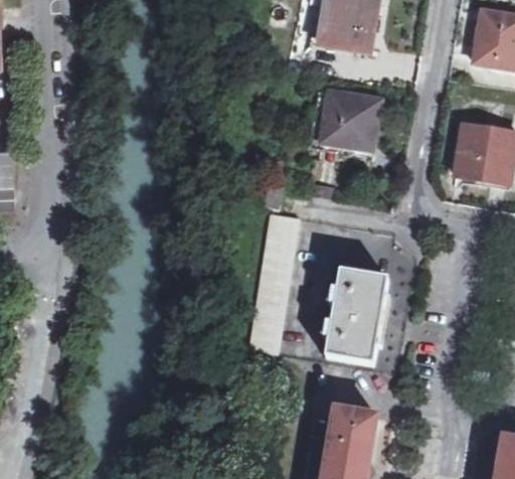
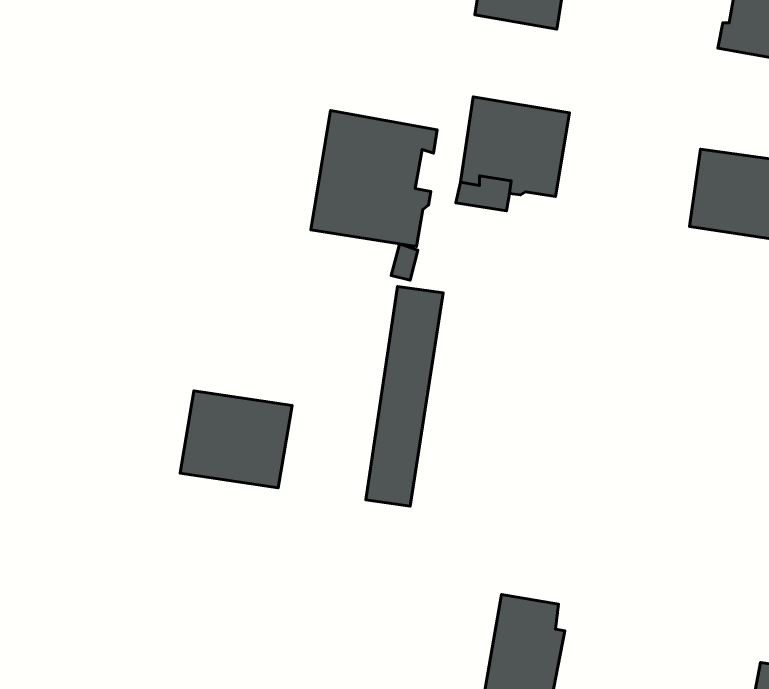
building: none -> [311,111,437,247]
building: [326,269,388,362] -> none
building: none -> [180,391,292,488]

